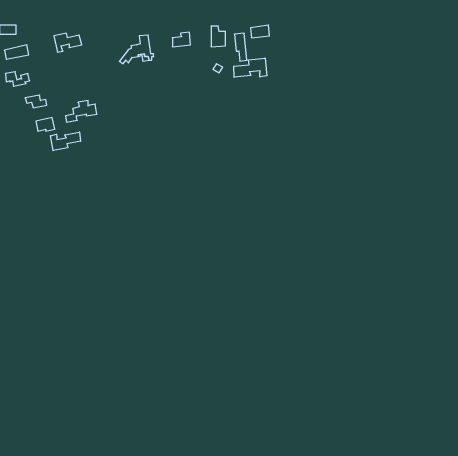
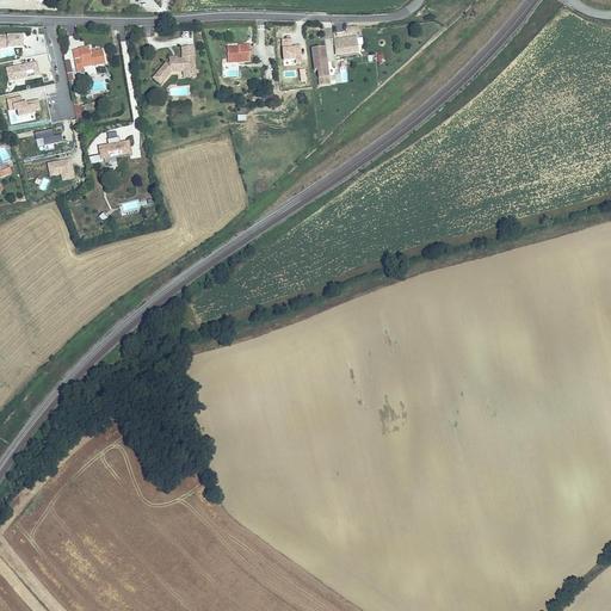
building: [234,58,267,77] -> none
building: [50,132,81,151] -> none

